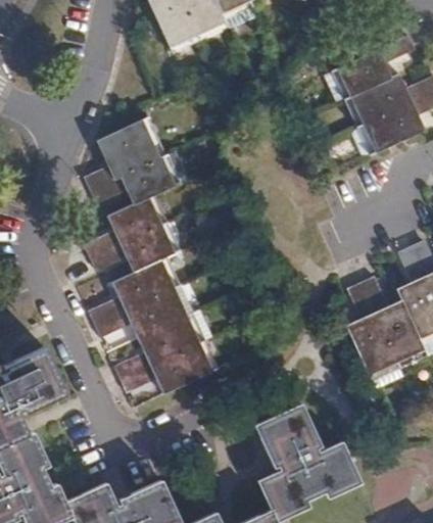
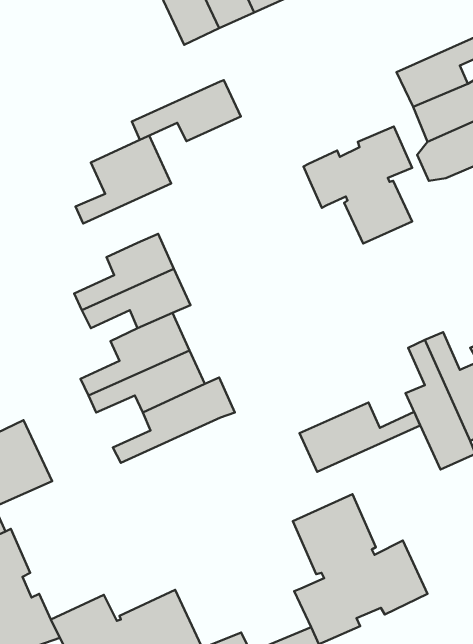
building: none -> [303,126,412,244]
building: [91,156,177,204] -> [132,80,241,141]
building: none -> [300,403,420,472]
building: [121,342,212,393] -> none

